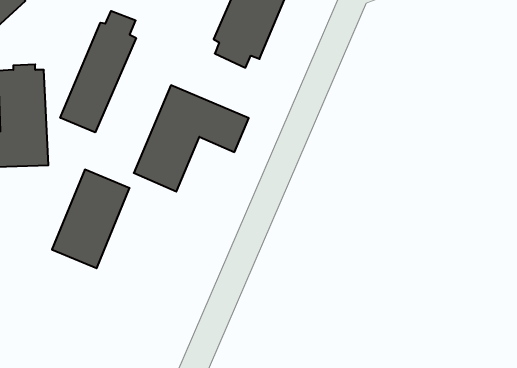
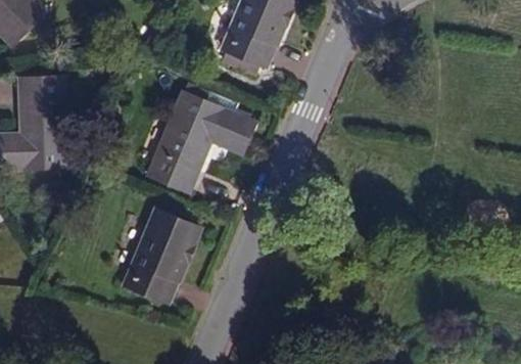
building: [60,11,136,132] -> none
building: [52,170,130,268] -> [126,210,198,302]

